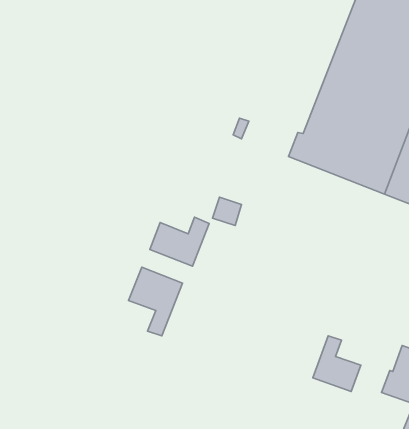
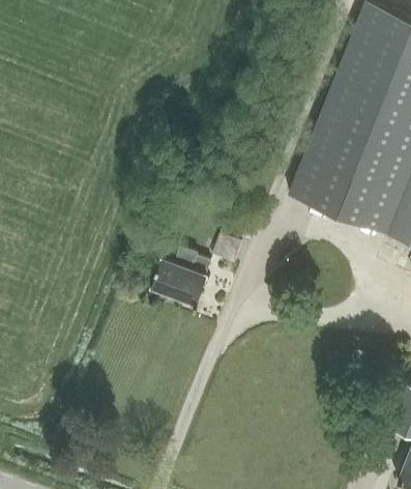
building: [129,267,183,336] -> none
building: [313,336,361,392] -> none

